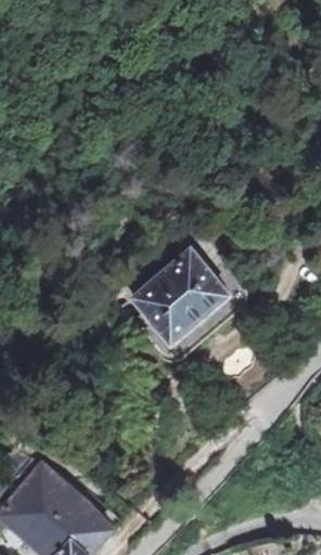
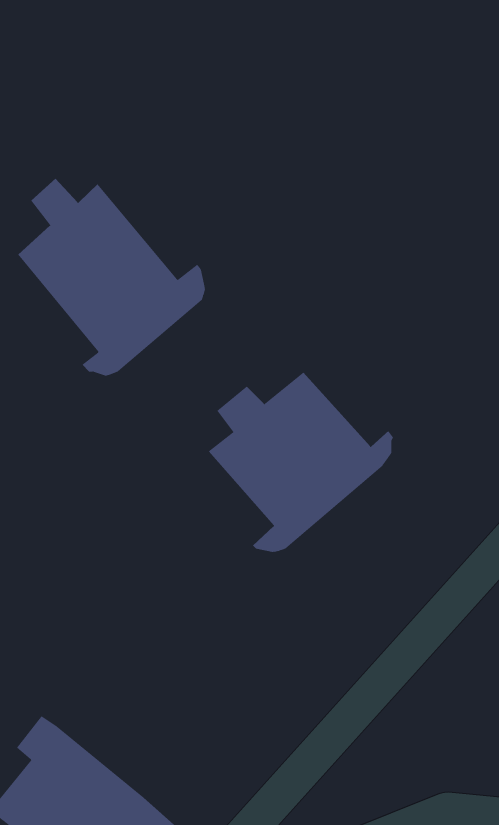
building: none -> [18,178,205,377]

